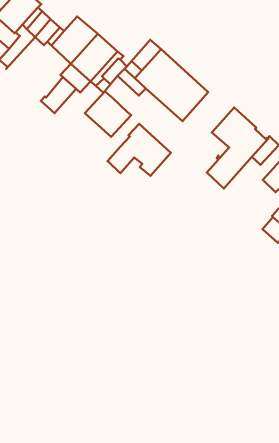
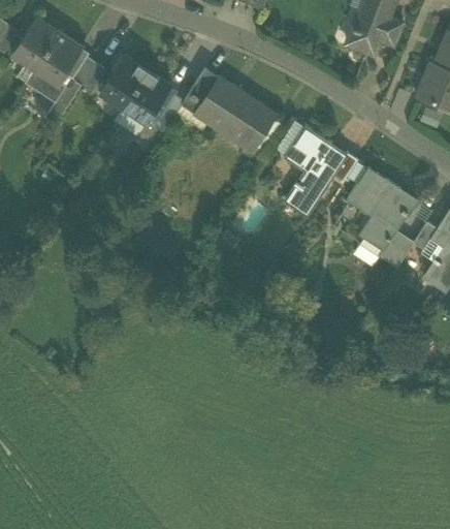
building: [41,77,76,113] -> none
building: [85,91,131,137] -> none
building: [107,124,171,176] -> none

